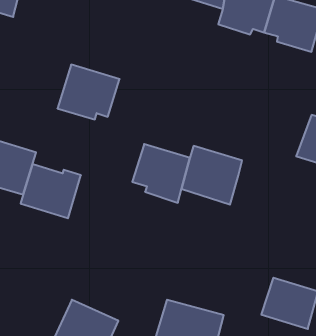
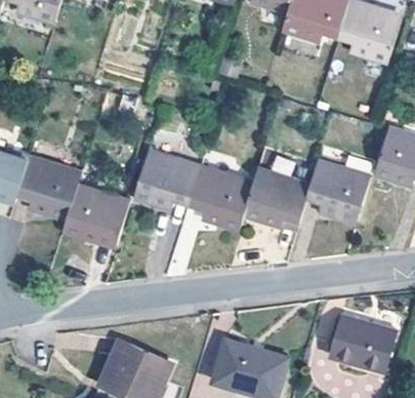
building: [57,65,120,119] -> [131,148,201,209]
building: none -> [306,159,369,221]

